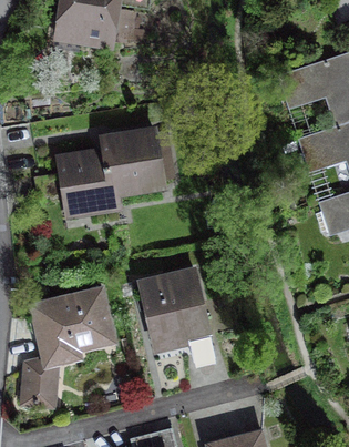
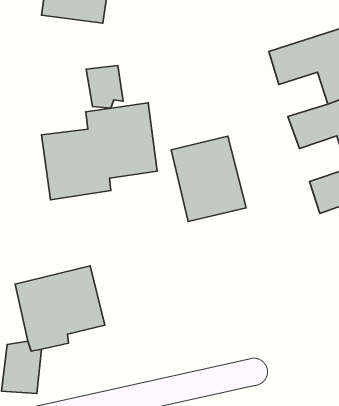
building: none -> [86,65,123,108]
building: [138,265,212,348] -> [171,136,246,222]

